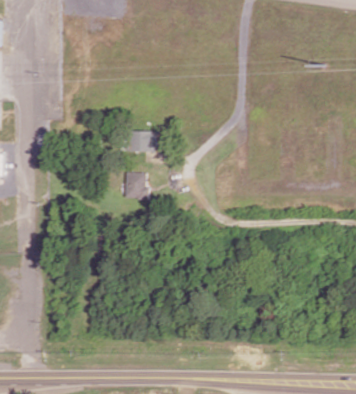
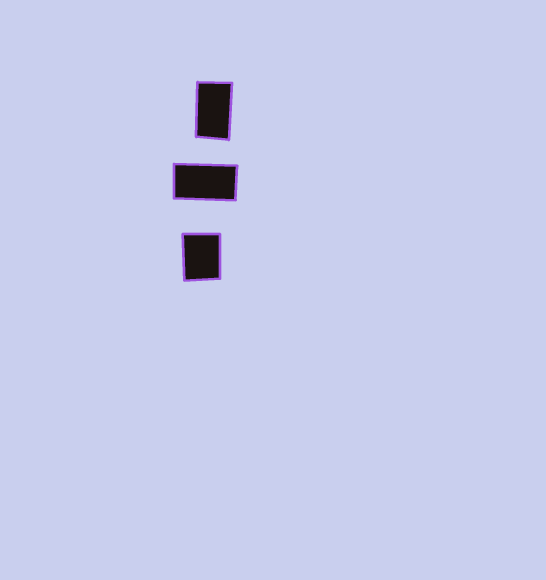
building: none -> [196,82,232,140]

